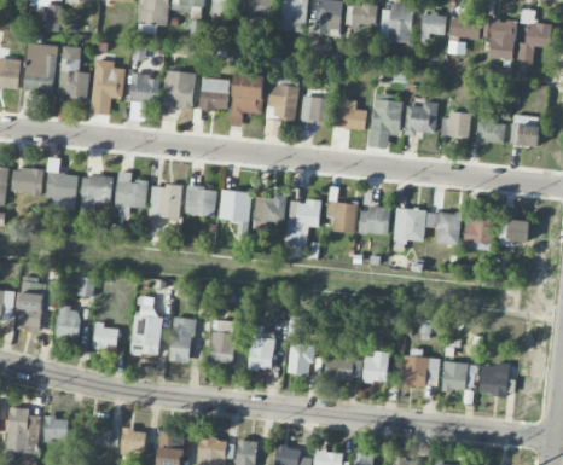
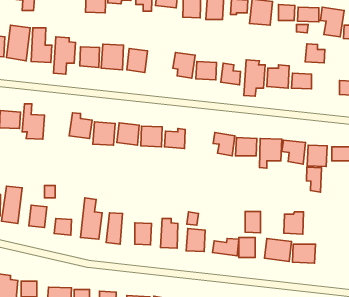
building: [231,74,265,127] -> none
building: [476,116,505,144] -> [305,44,325,63]
building: [82,176,112,211] -> none
building: [286,199,320,246] -> none
building: none -> [307,167,321,192]
building: none -> [245,211,261,233]
building: [480,364,509,396] -> [284,212,303,234]

